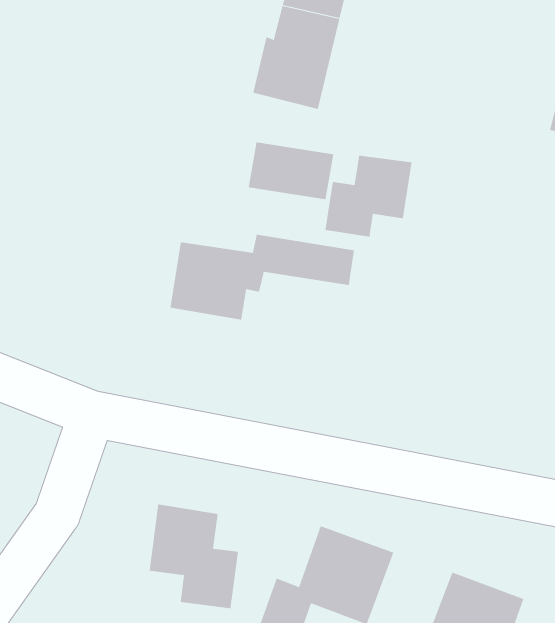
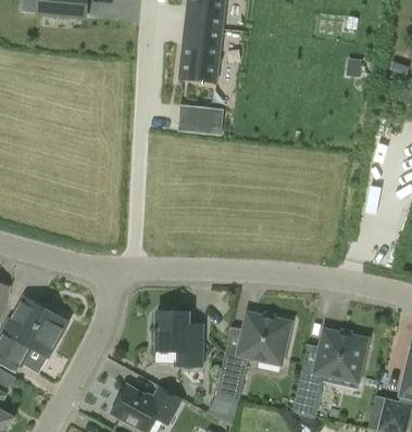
building: [325,155,412,237] -> none
building: [170,234,354,320] -> none

